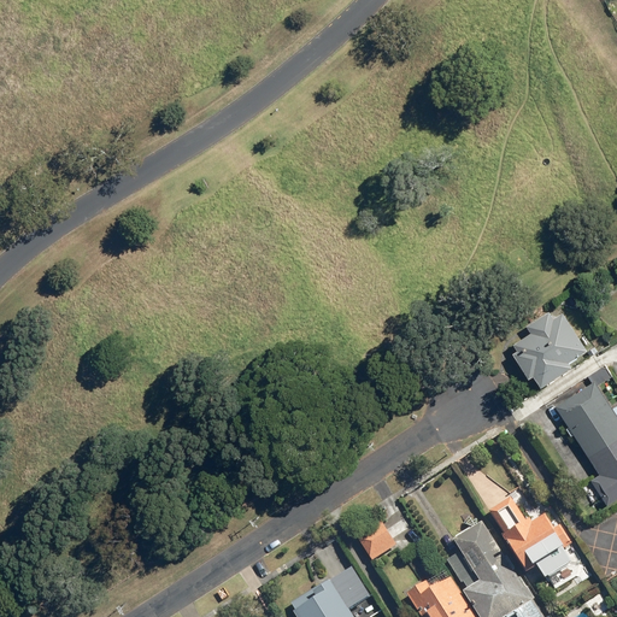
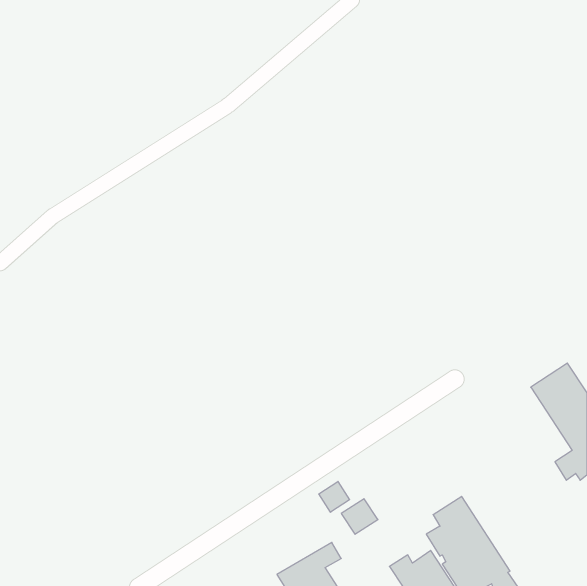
building: [510,311,587,388] -> none
building: [490,499,574,580] -> none
building: none -> [319,481,350,512]

